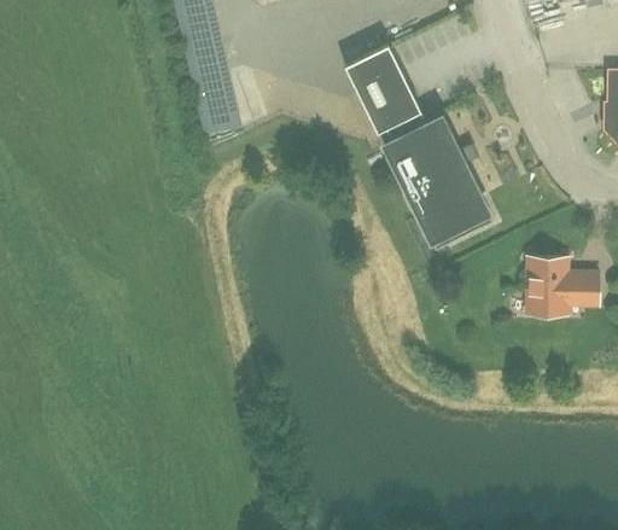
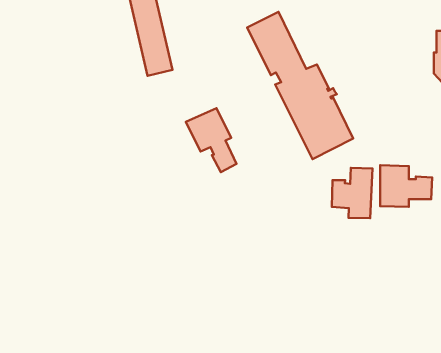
building: none -> [186,108,236,172]
building: none -> [332,168,373,218]

